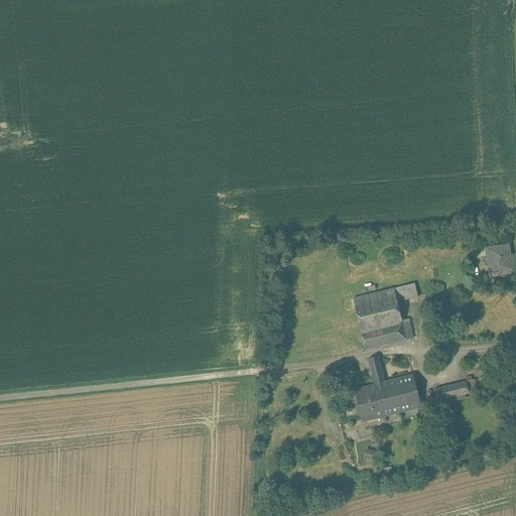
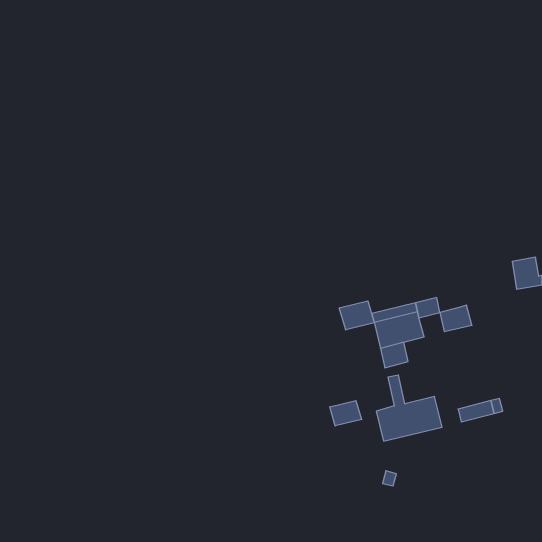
building: none -> [339,301,374,330]
building: [383,317,413,343] -> [440,305,472,332]
building: none -> [330,401,362,426]

